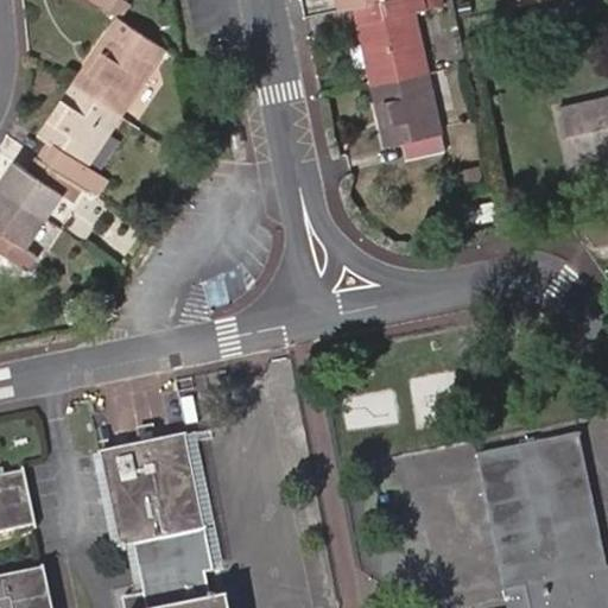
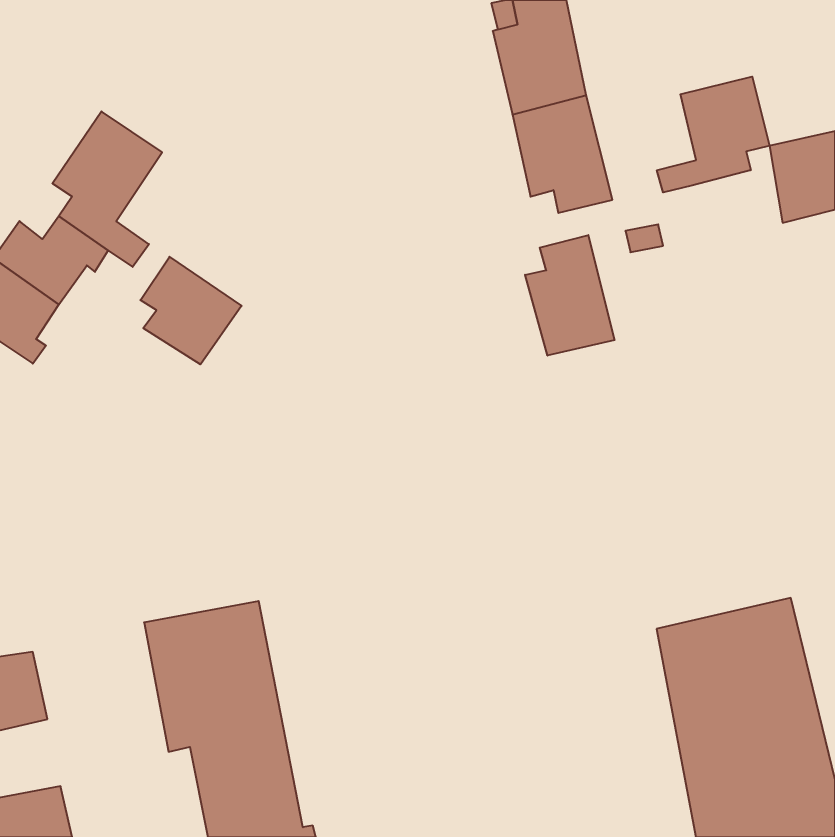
building: [74,14,164,110] -> none
building: none -> [657,77,770,192]
building: none -> [525,235,615,356]
building: none -> [140,257,242,364]

